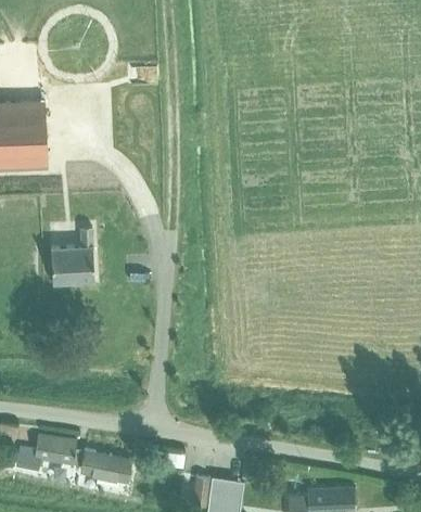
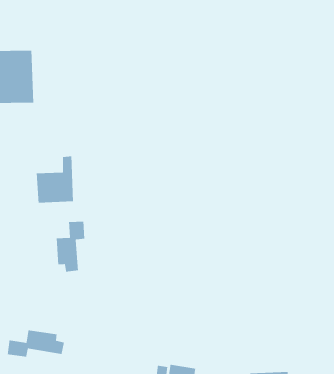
building: none -> [56,221,85,272]
building: [80,451,131,484] -> none

